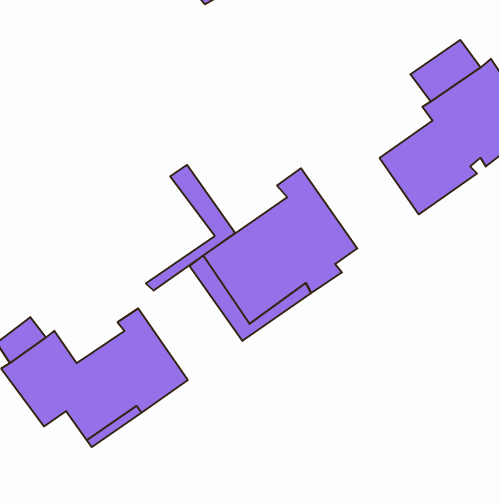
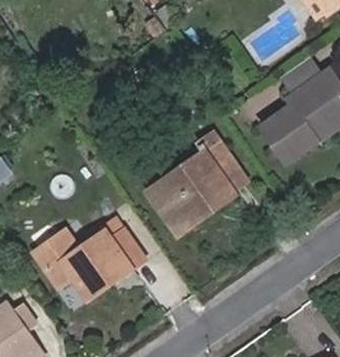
building: [146,165,235,291] -> none

